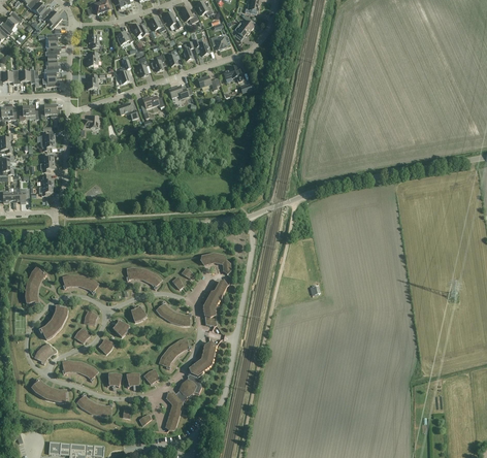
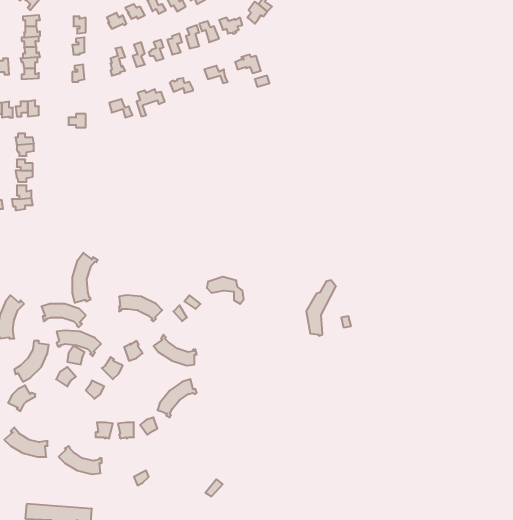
building: none -> [73,253,98,303]
building: [202,281,227,327] -> [306,280,336,336]
building: [164,341,216,431] -> none
building: [61,360,98,382] -> [57,330,101,356]

